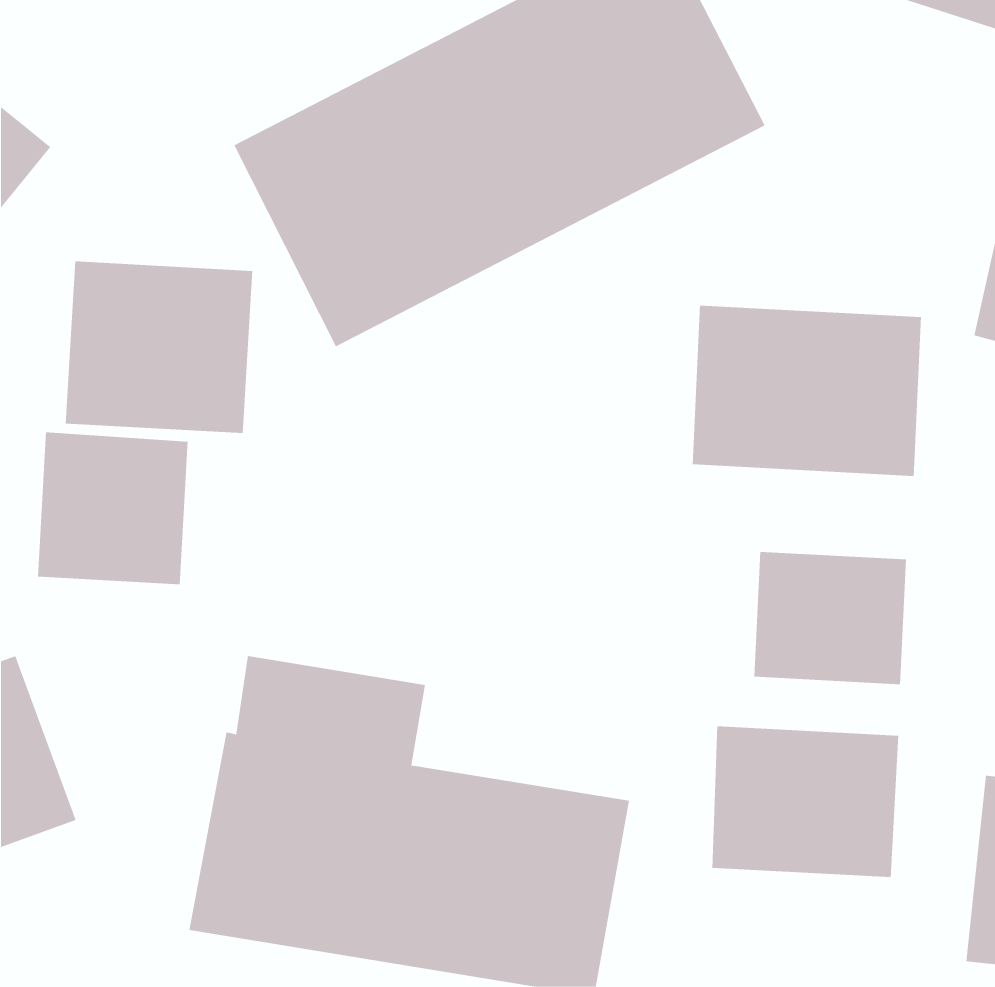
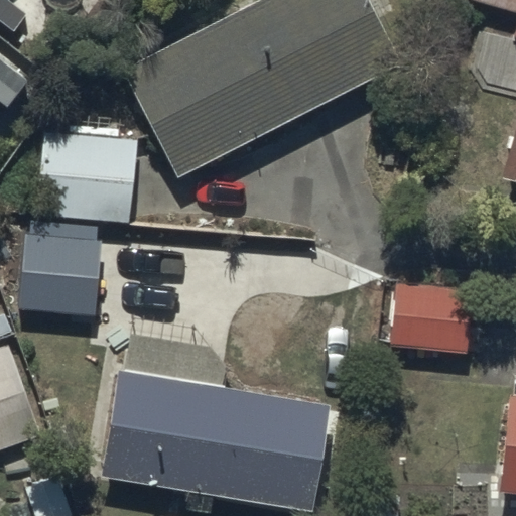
building: [692,305,922,477] -> none
building: [712,725,899,878] -> none

